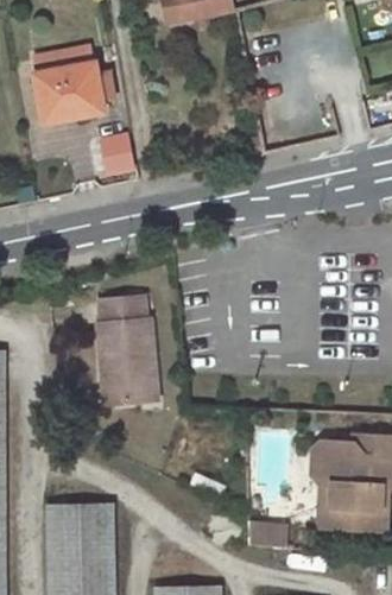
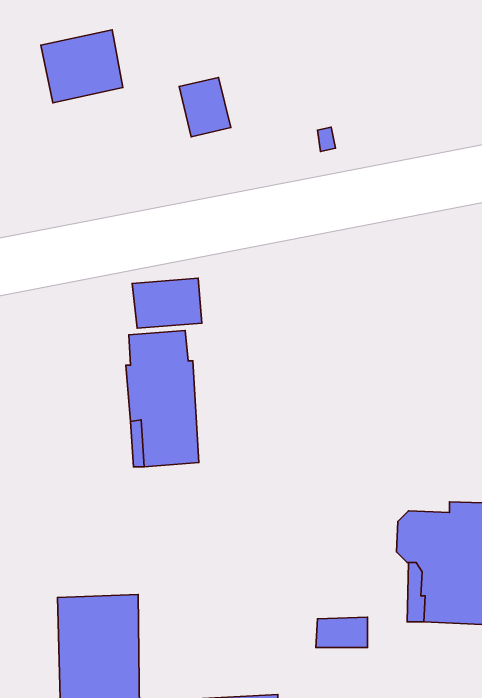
building: [97,131,138,177] -> [179,78,231,137]
building: none -> [132,278,202,328]

